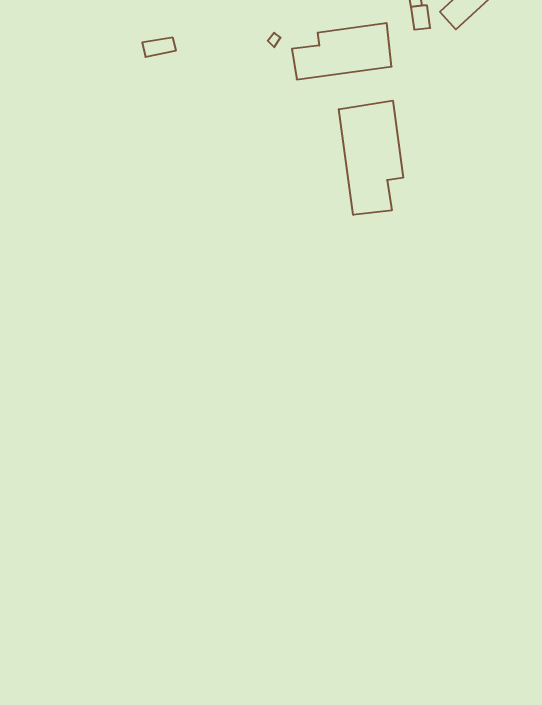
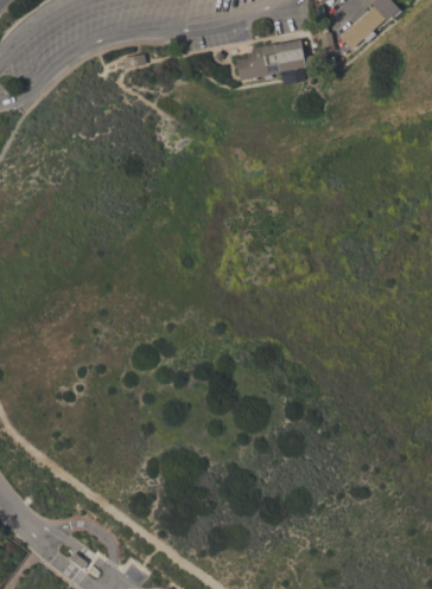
building: [339,101,403,215] -> none

